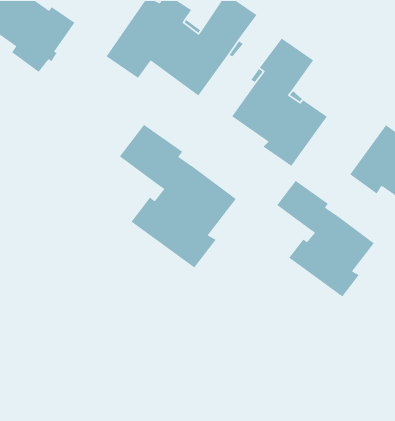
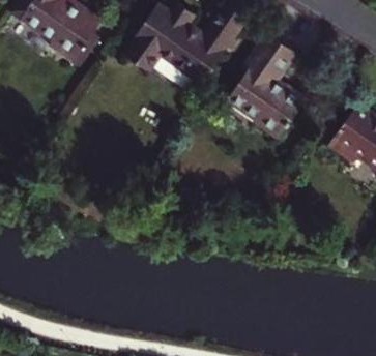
building: [119,124,237,268] -> none
building: [276,180,375,297] -> none

